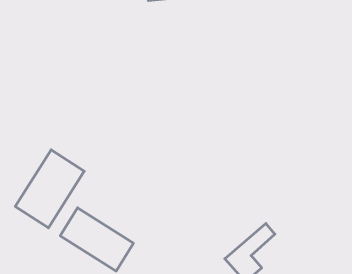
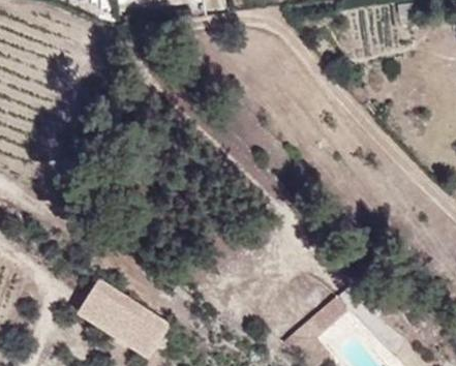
building: [15,150,84,228] -> none

